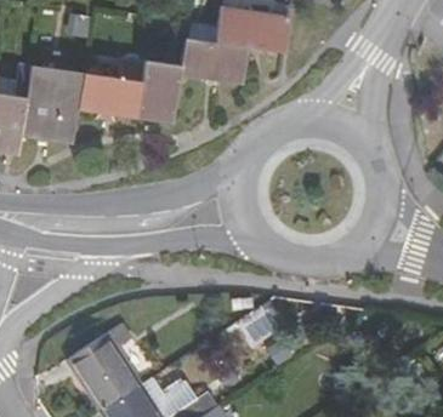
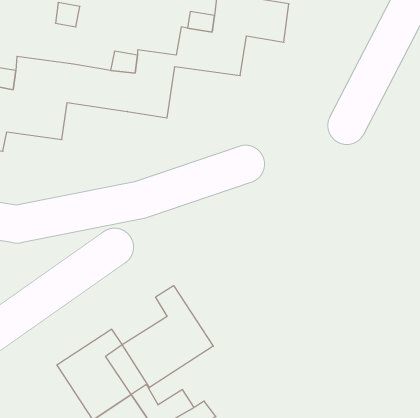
building: none -> [122,286,213,388]

